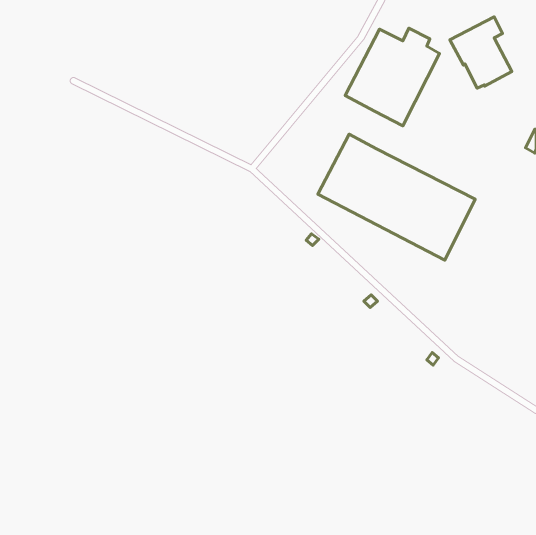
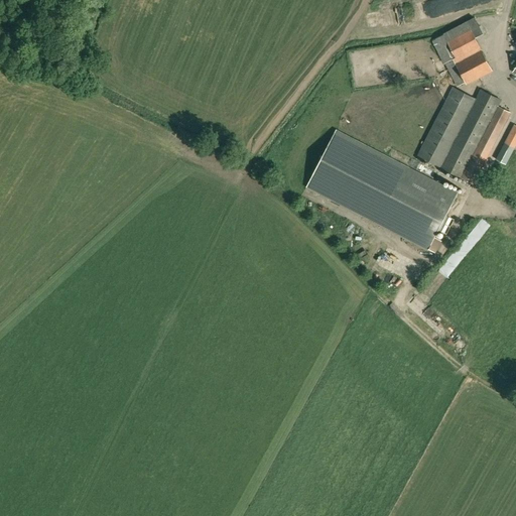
building: [345,28,439,126] -> [419,89,510,182]

